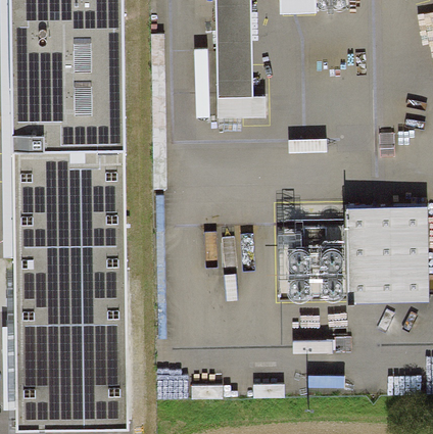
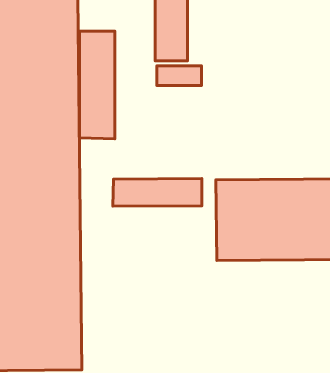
building: none -> [80,31,115,139]
building: none -> [113,178,202,206]

